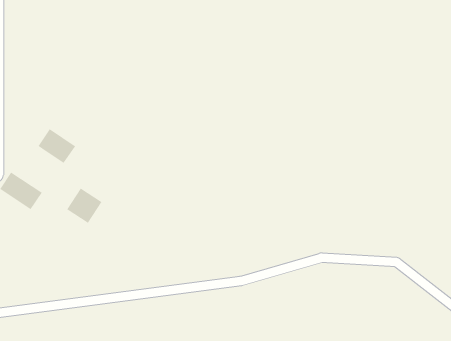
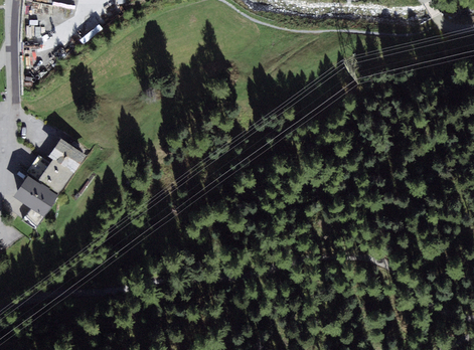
building: [66,187,103,224] -> [38,158,71,191]

